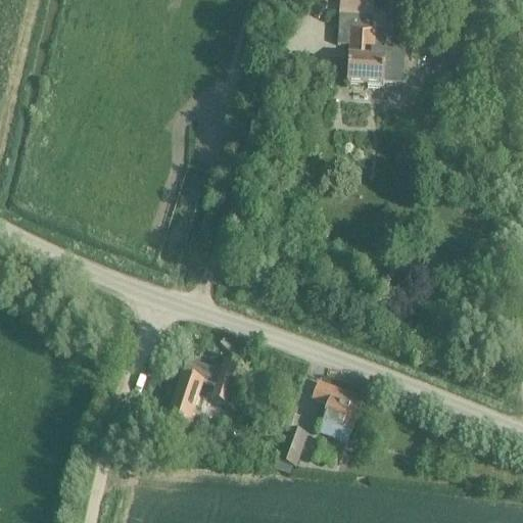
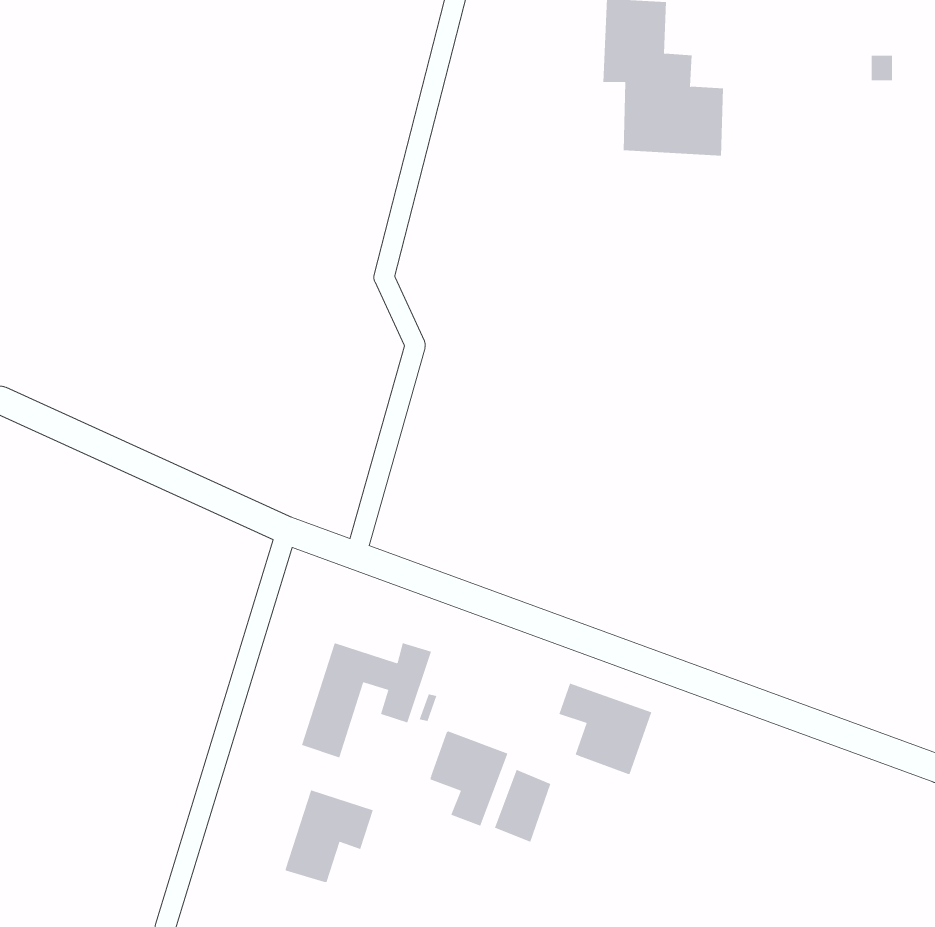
building: none -> [430,730,508,827]
building: none -> [285,790,373,883]

